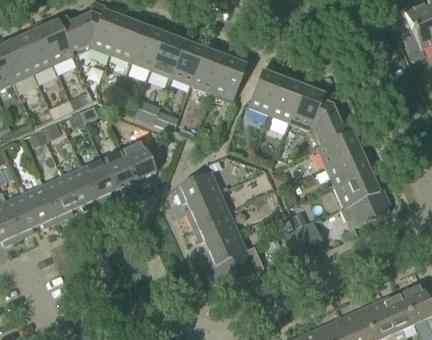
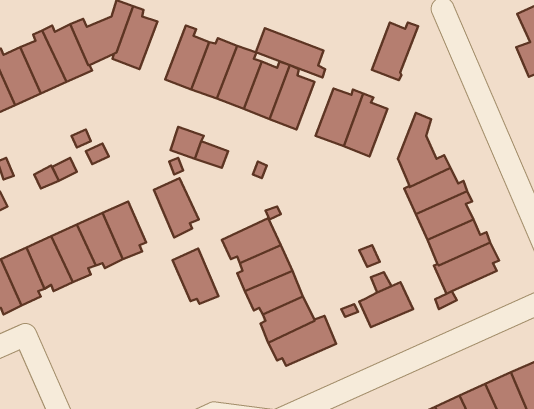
building: [110,18,146,63] -> none
building: none -> [256,28,325,78]
building: [289,86,325,131] -> [372,22,418,80]
building: [101,149,137,192] -> [172,249,219,304]

